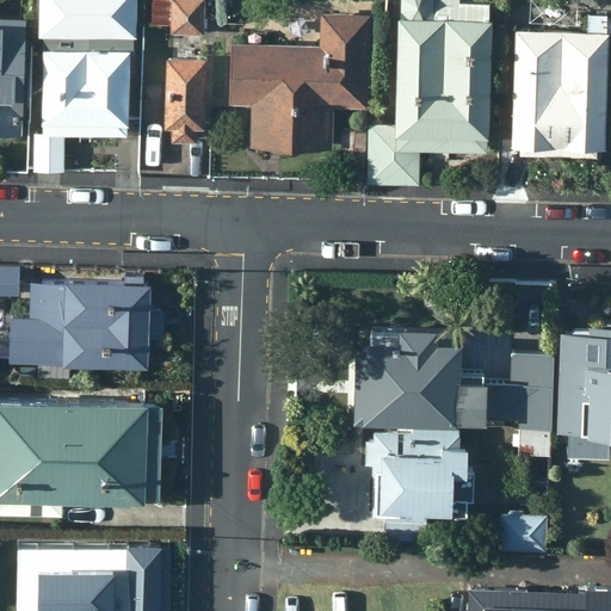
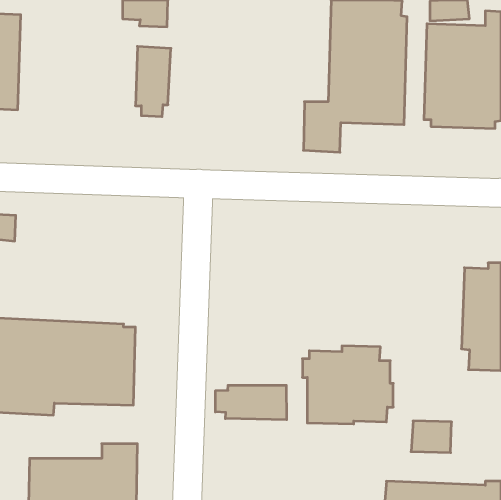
building: [43,14,134,141] -> none
building: [229,17,372,152] -> none
building: [8,276,163,364] -> none
building: [356,321,490,418] -> none
building: [505,346,554,456] -> none
building: none -> [215,385,287,420]

